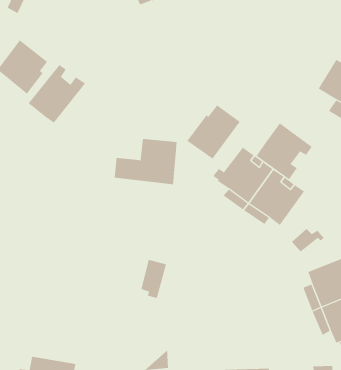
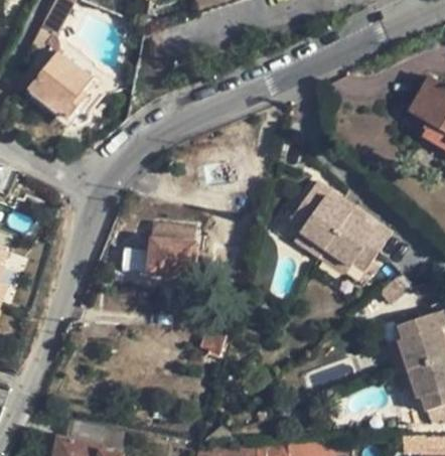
building: [28,64,86,124] -> none
building: [187,105,240,159] -> none
building: [256,122,312,180] -> none
building: [114,139,177,185] -> [120,225,194,280]

